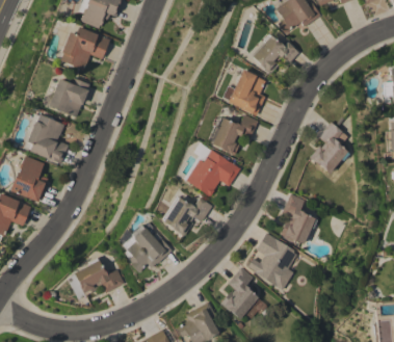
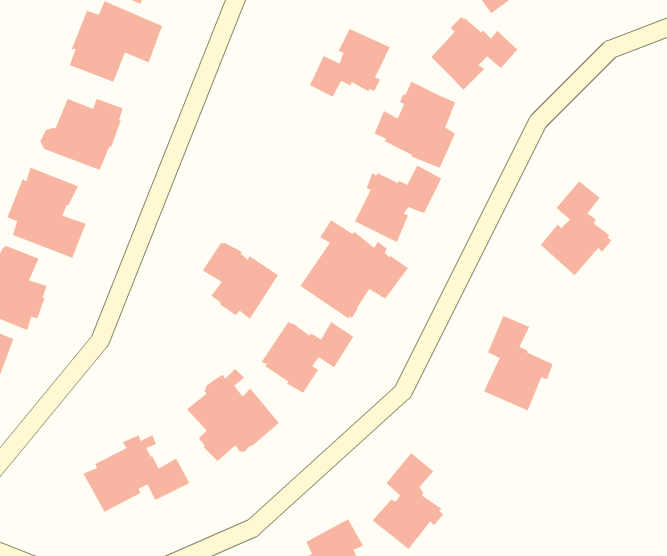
building: none -> [309,28,390,97]
building: none -> [202,241,279,320]
building: [254,231,296,287] -> none

